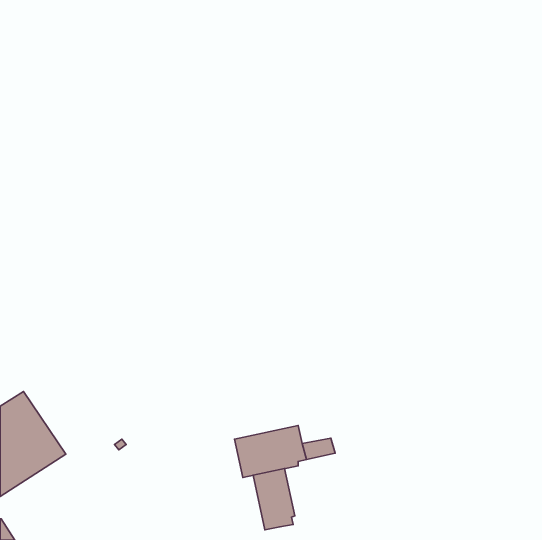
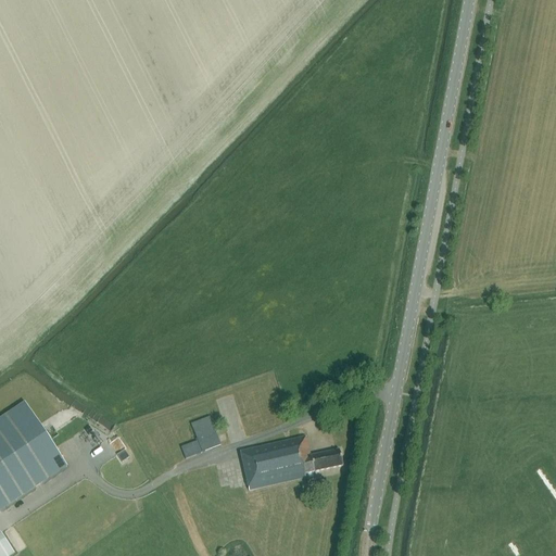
building: none -> [180,415,220,457]
building: [253,469,295,530] -> none

